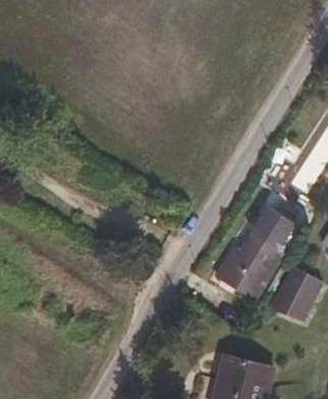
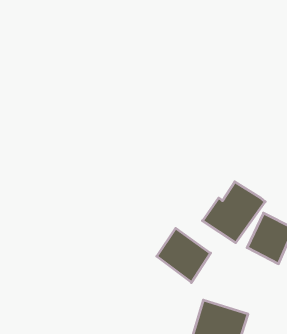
building: [256,205,297,248] -> none
building: none -> [157,228,211,283]

